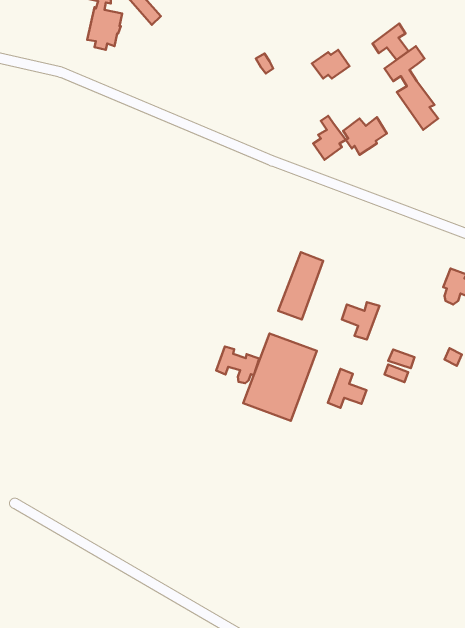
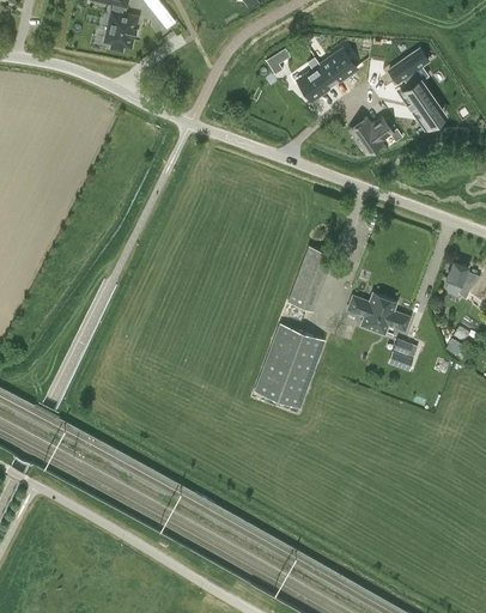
building: [372,24,408,60] -> none
building: [313,116,346,160] -> [299,56,330,98]
building: [216,347,259,383] -> none
building: [328,369,367,408] -> [372,297,409,334]

